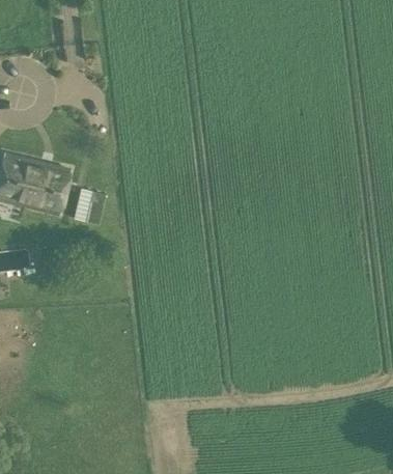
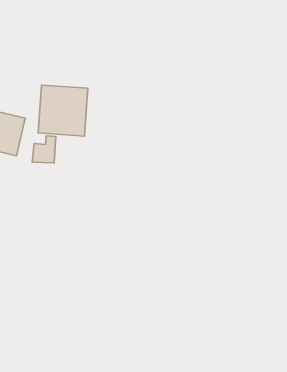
building: none -> [38,85,88,136]

